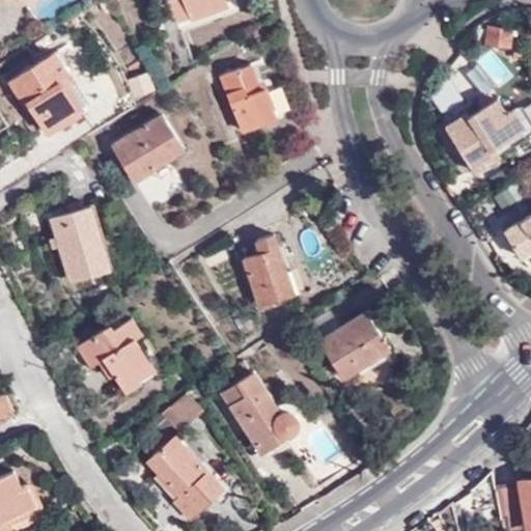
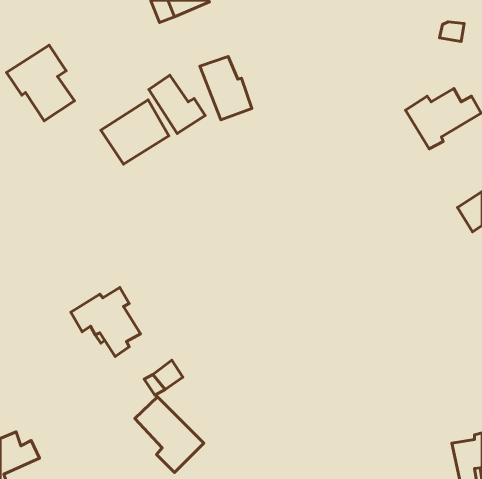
building: none -> [149,75,205,133]
building: [49,206,113,284] -> none
building: [243,235,296,308] -> none
building: [318,310,391,382] -> none
building: [221,371,299,456] -> none

